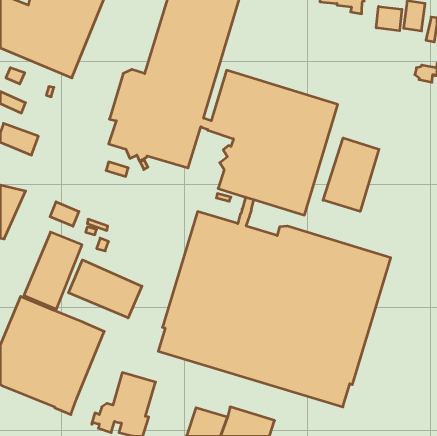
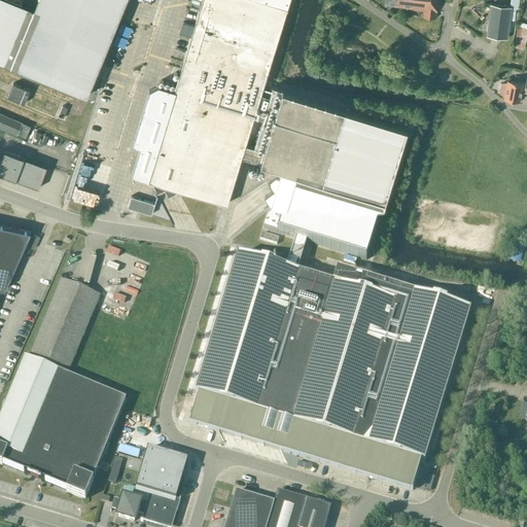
building: [376,6,402,31] -> none
building: [323,138,379,211] -> none
building: [50,202,79,226] -> none
building: [69,260,142,318] -> none

